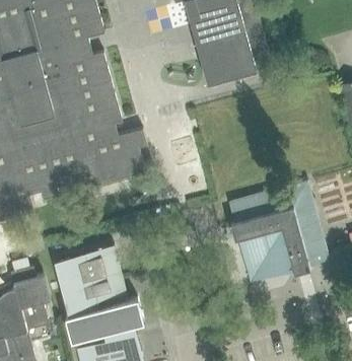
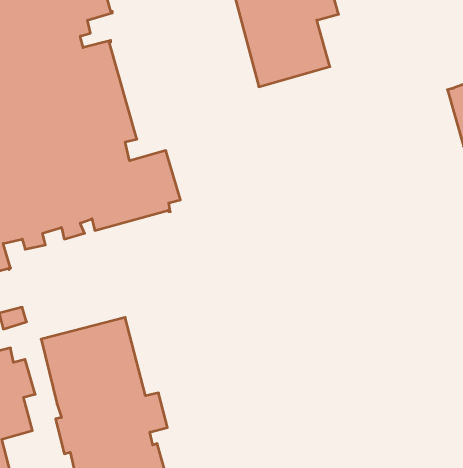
building: [230,184,327,278] -> none

